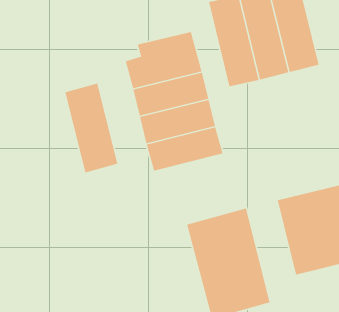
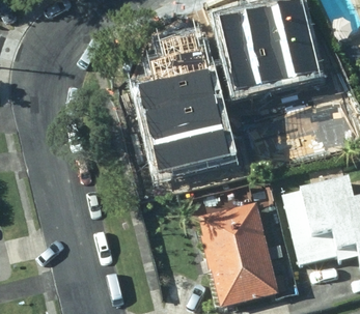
building: [64,83,118,173] -> none

